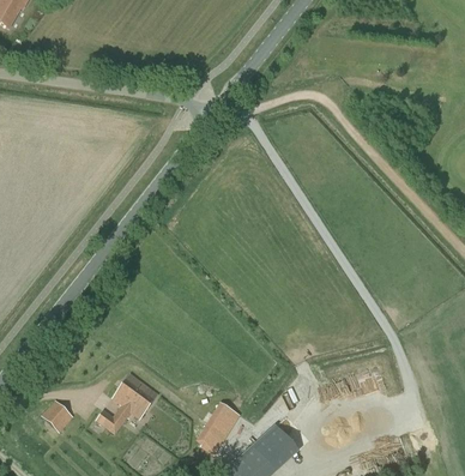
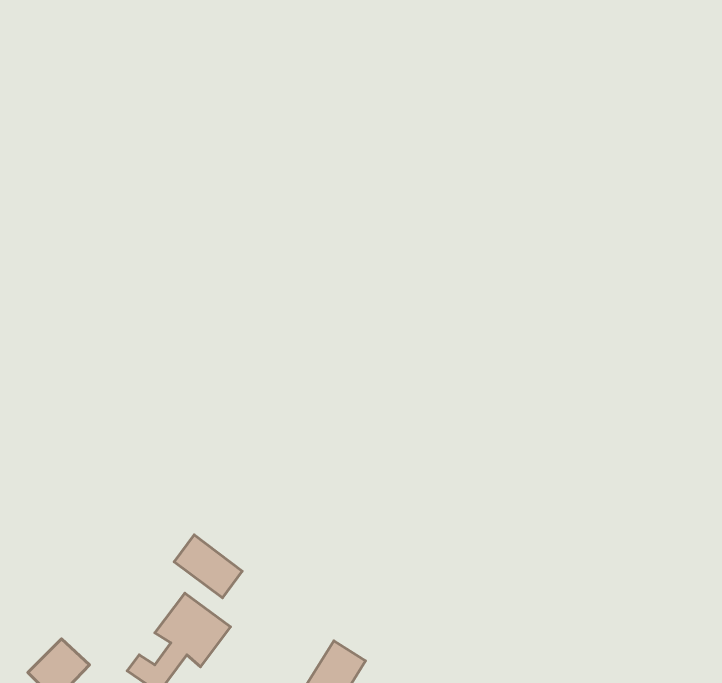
building: none -> [174,535,242,598]

